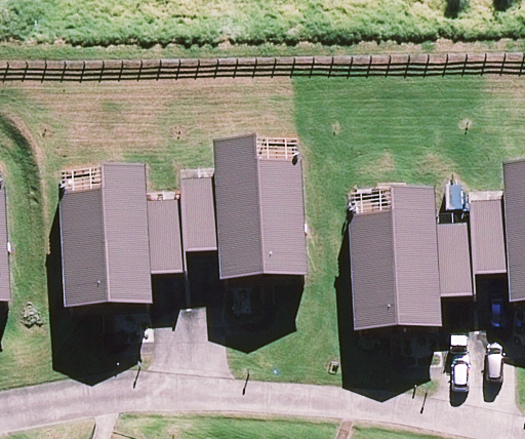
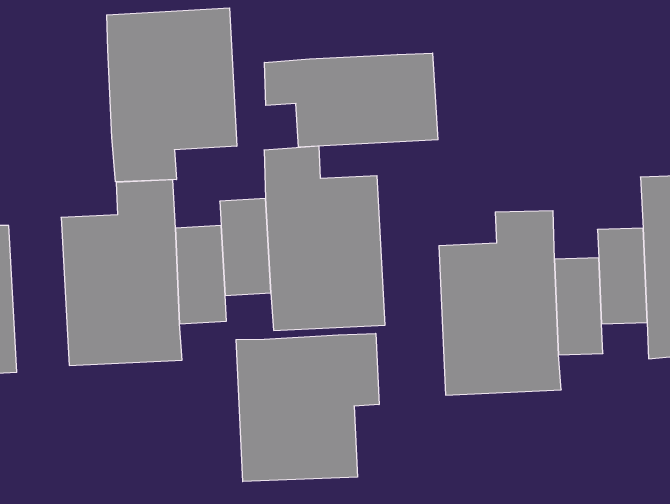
building: none -> [107,8,237,182]
building: none -> [264,53,438,147]
building: none -> [236,333,379,482]

